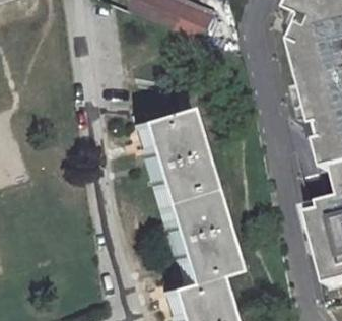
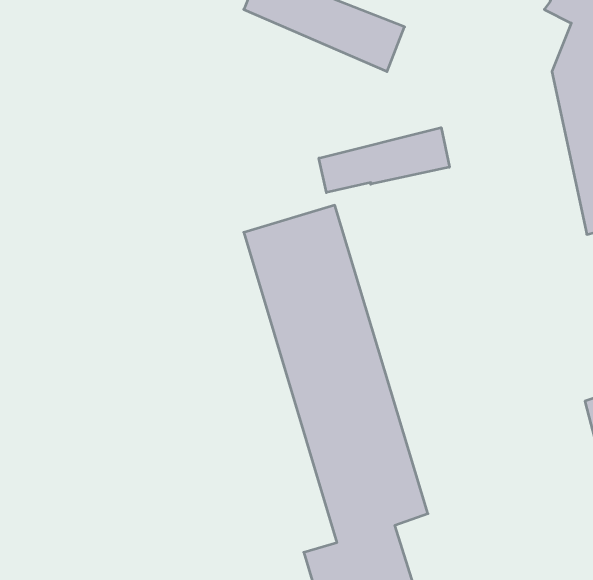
building: none -> [319,128,449,193]

